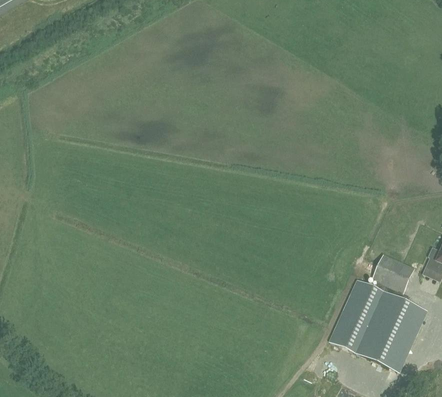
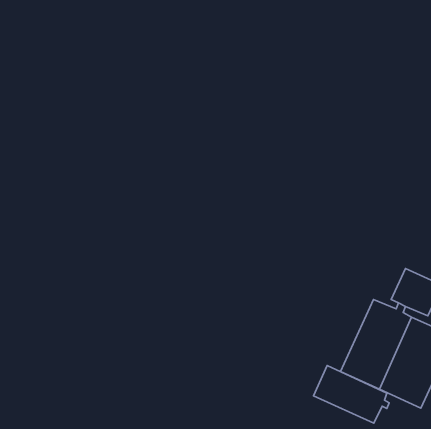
building: none -> [313,365,389,423]

